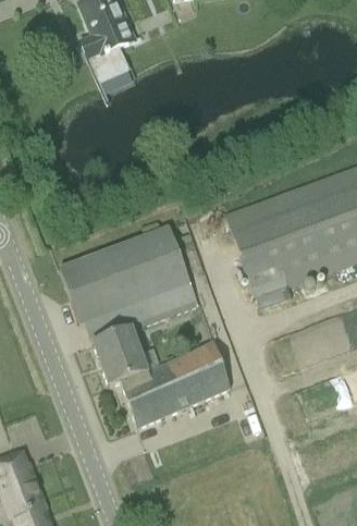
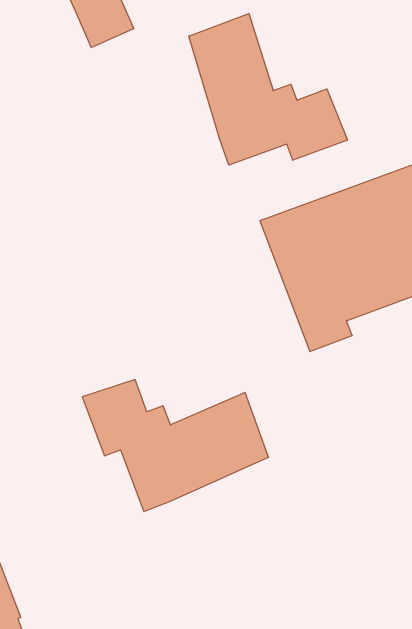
building: none -> [189,13,348,165]
building: [60,228,198,339] -> none

